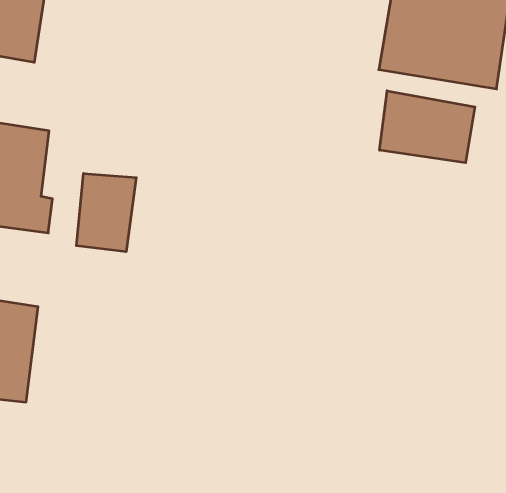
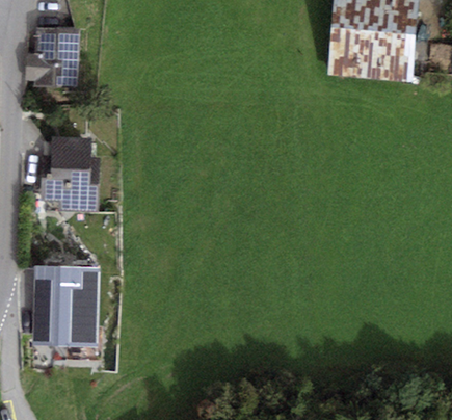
building: [380,91,475,163] -> none
building: [76,173,136,252] -> none

